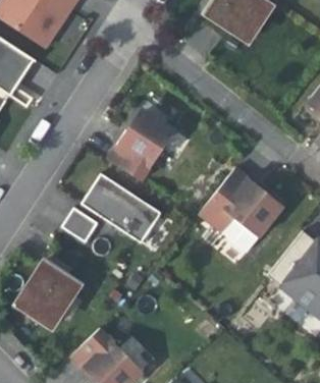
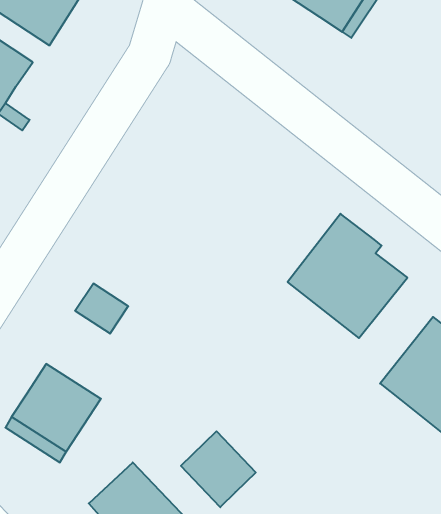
building: [107,112,174,180] -> none
building: [81,173,161,243] -> none
building: none -> [181,431,256,507]

